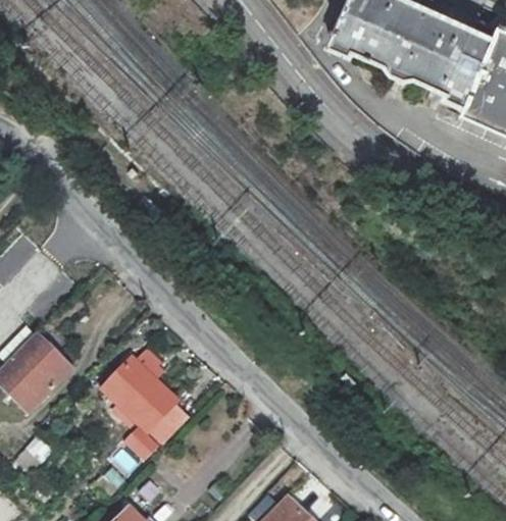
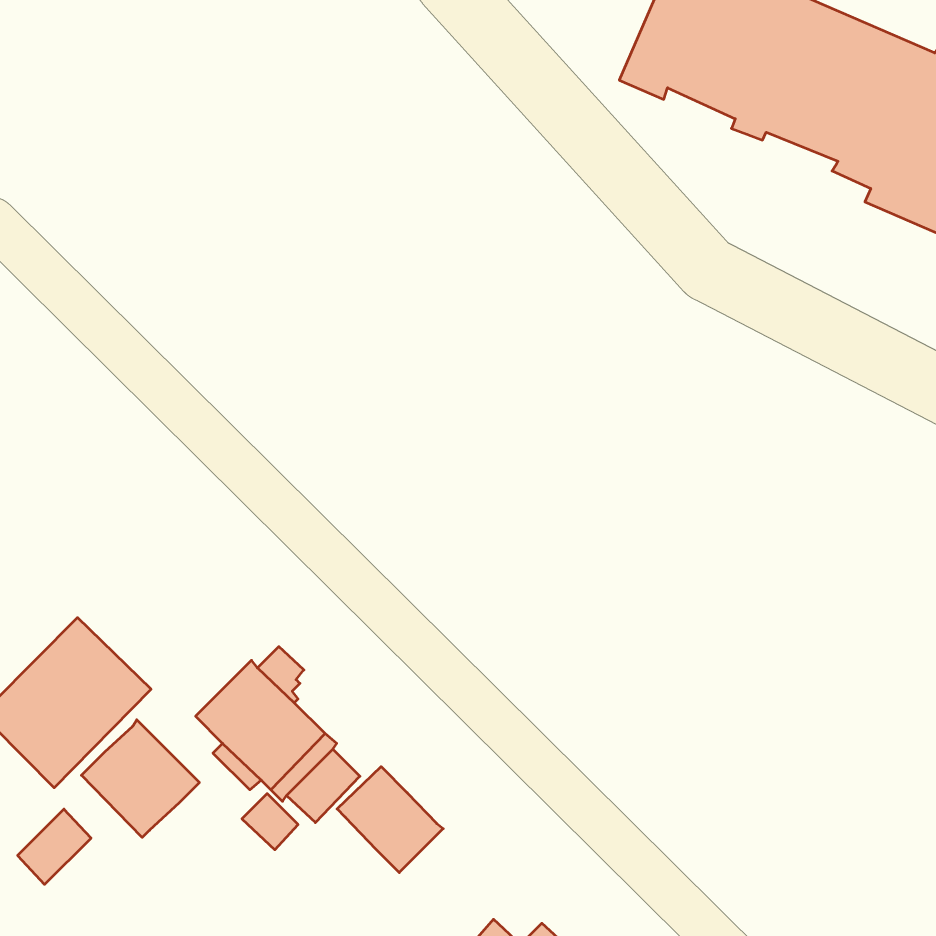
building: none -> [81,720,199,837]
building: none -> [337,767,443,873]

